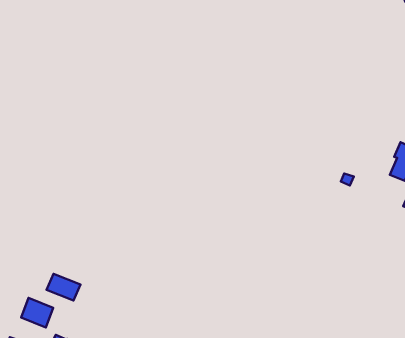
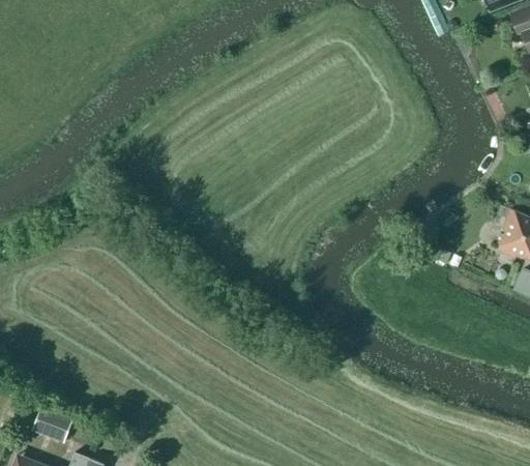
building: [47,274,80,301] -> none

